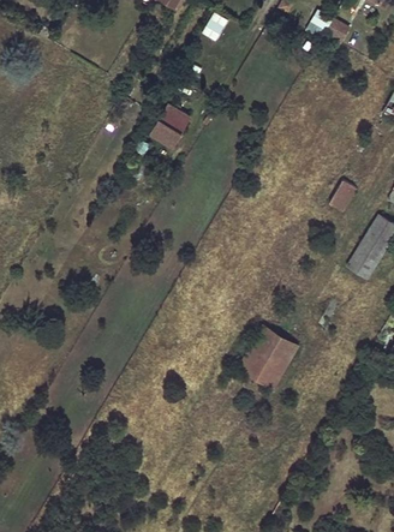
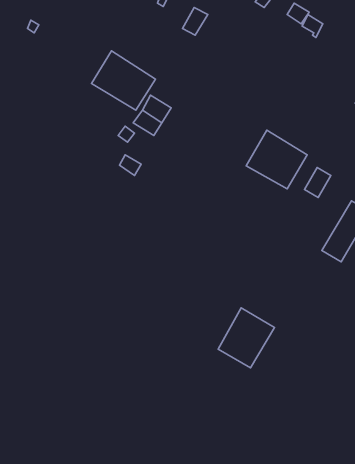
building: none -> [92,51,155,110]
building: none -> [246,130,307,189]

